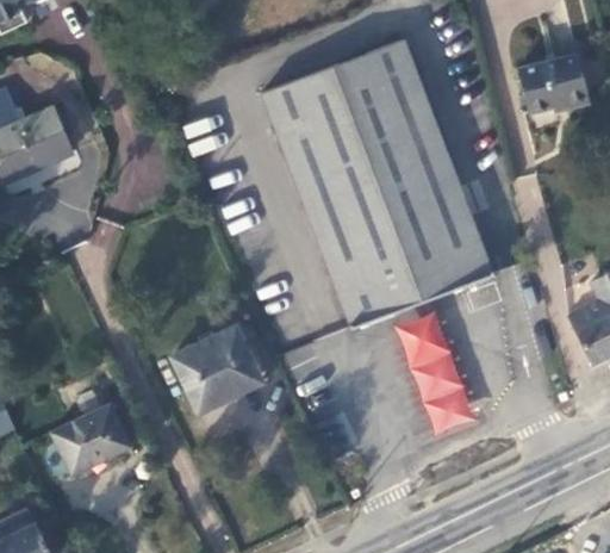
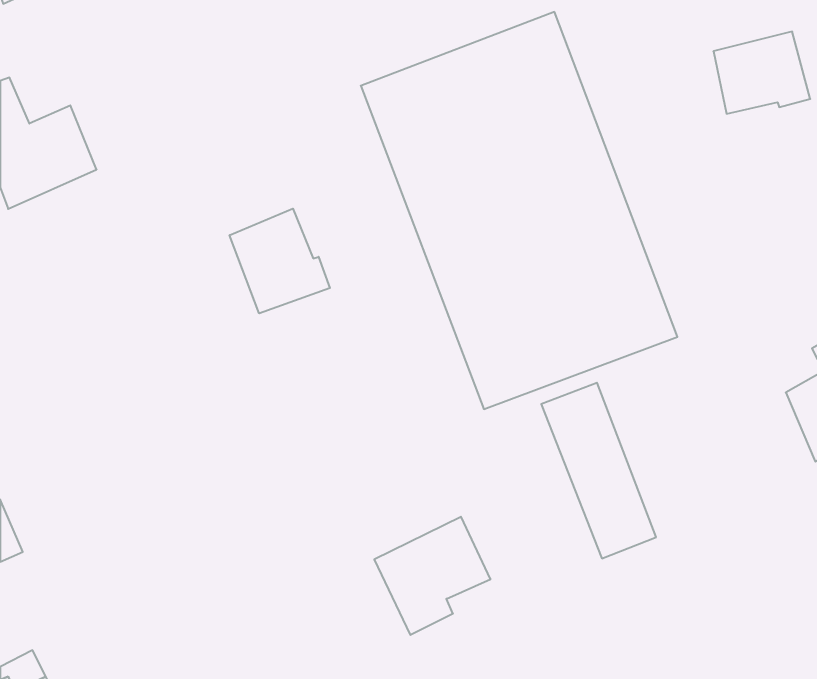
building: none -> [230,209,330,313]
building: [172,327,256,412] -> [374,517,491,635]
building: [52,406,127,473] -> none

